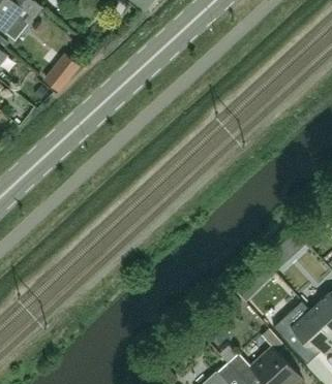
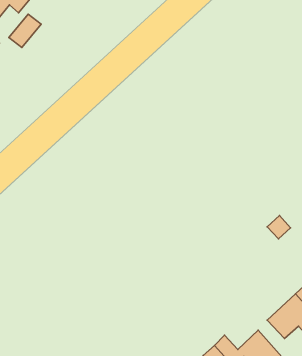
building: [44,56,78,90] -> [9,14,41,48]

